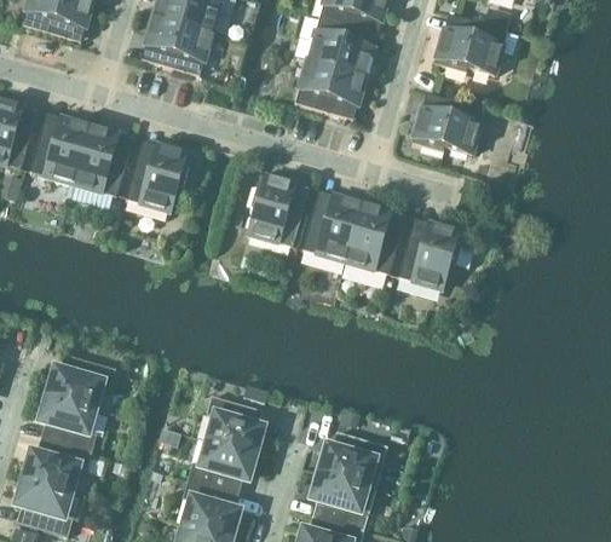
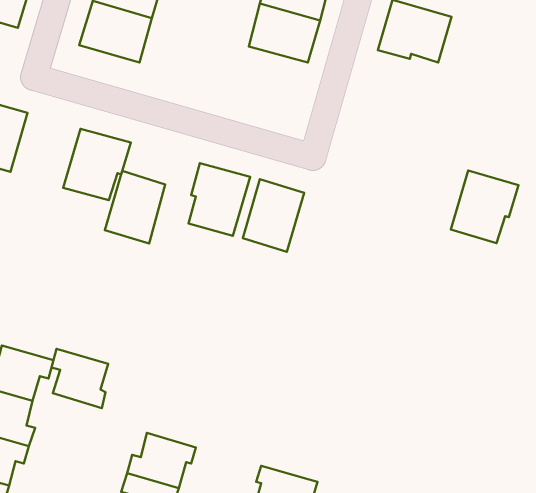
building: [293,59,364,119] -> none
building: [410,92,483,154] -> none
building: [71,125,131,196] -> [105,171,165,244]
building: [344,203,403,273] -> none
building: [396,218,462,289] -> [451,171,519,243]
building: [204,396,260,454] -> [52,349,108,408]
building: [318,431,386,488] -> none

